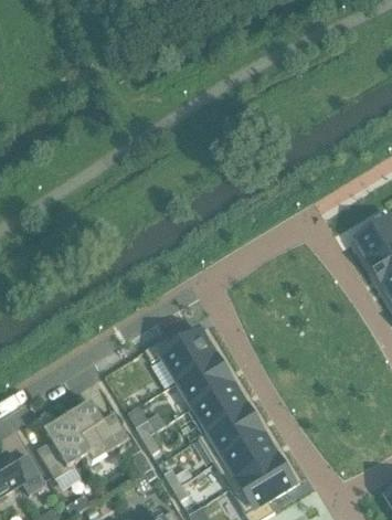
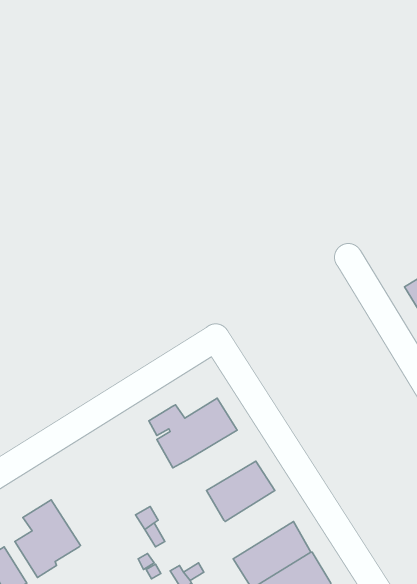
building: [178,357,234,406] -> none
building: [65,400,128,459] -> none
building: [199,406,265,463] -> none

